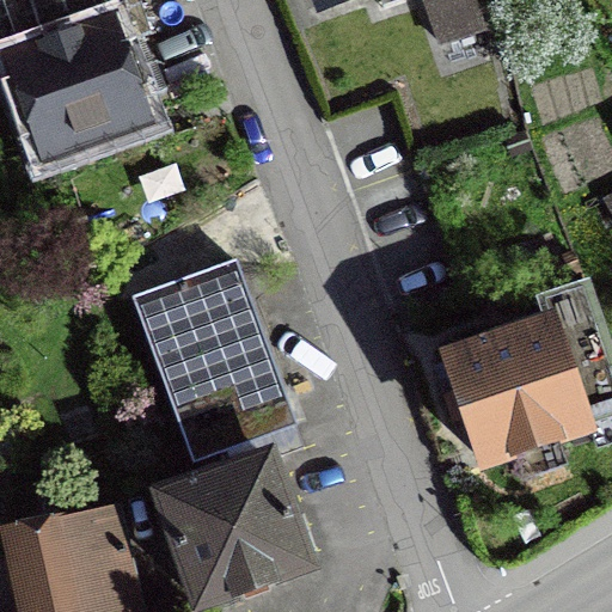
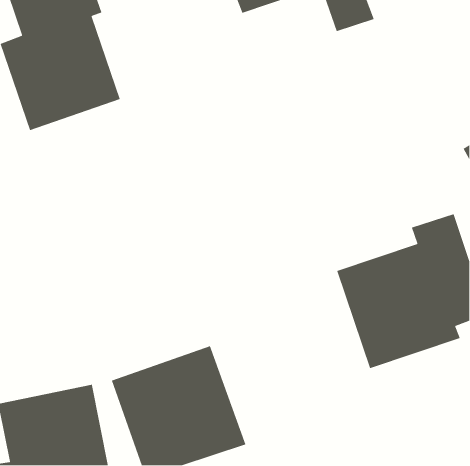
building: [128,256,296,463] -> none

